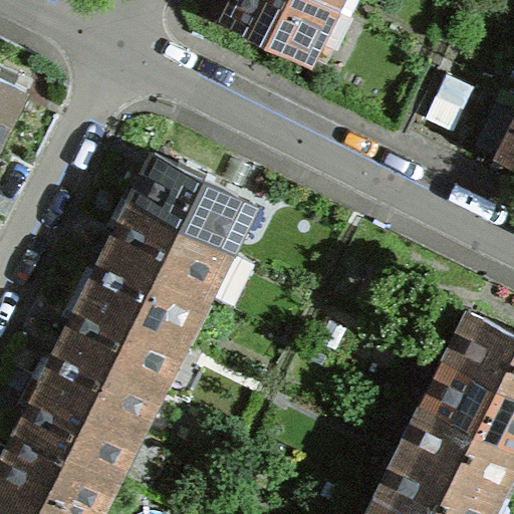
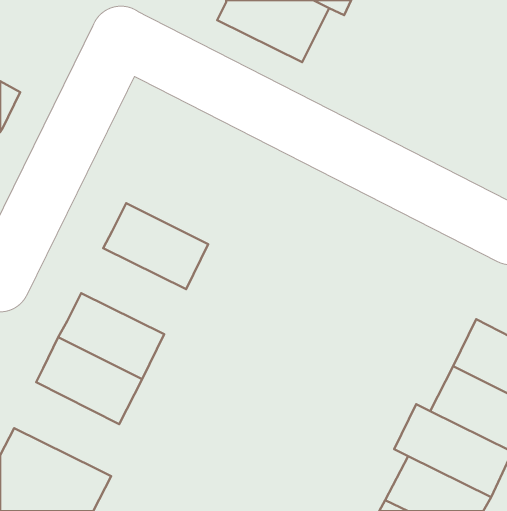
building: [131,157,236,245] -> none
building: [85,249,191,335] -> none
building: [18,383,123,471] -> none

